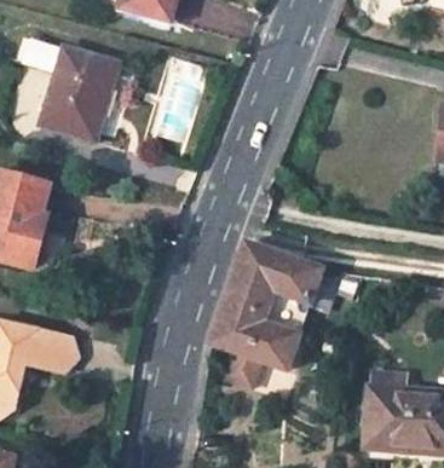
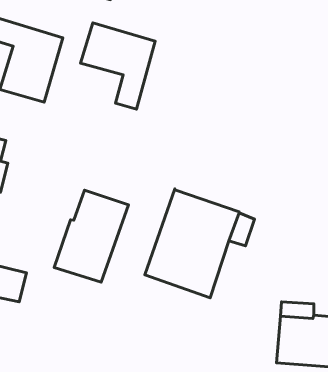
building: none -> [80,23,155,109]
building: none -> [54,190,128,282]

